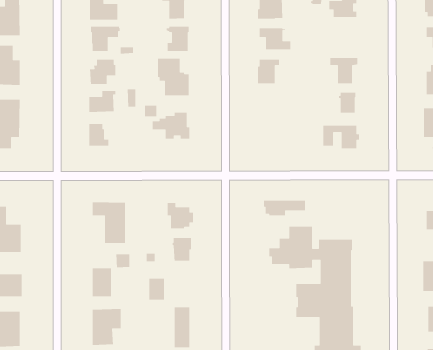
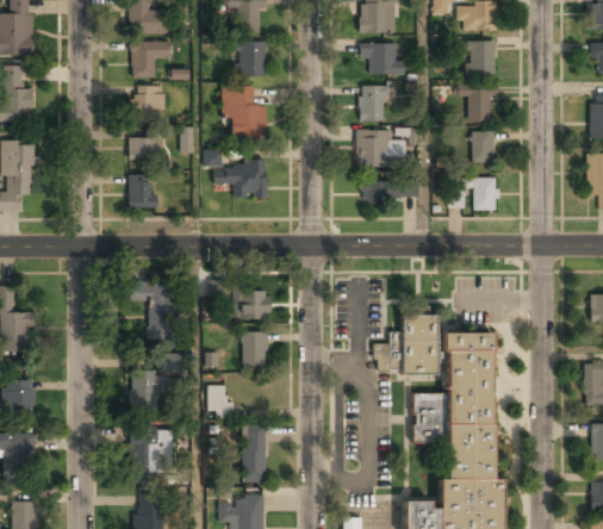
building: none -> [466,41,496,75]
building: none -> [355,129,415,167]
building: [263,200,306,216] -> [360,180,418,203]

